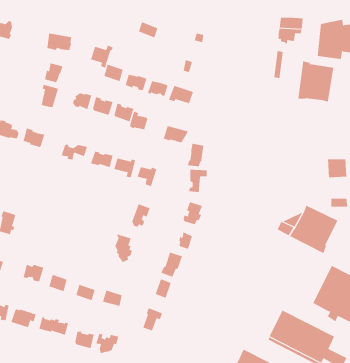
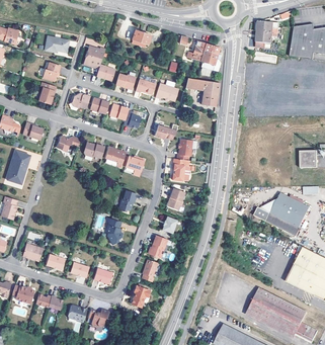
building: none -> [182,39,221,72]
building: [298,60,334,103] -> none
building: none -> [181,74,215,102]
building: none -> [7,152,30,185]

